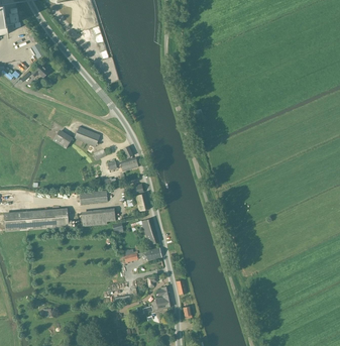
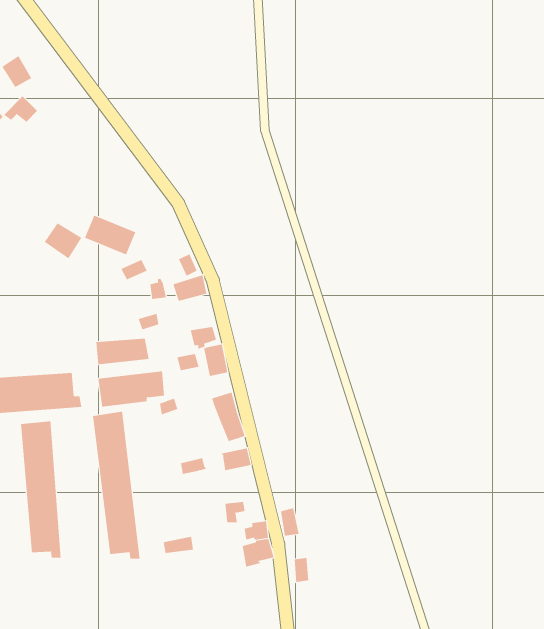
building: none -> [92,411,140,559]
building: none -> [21,420,61,559]

